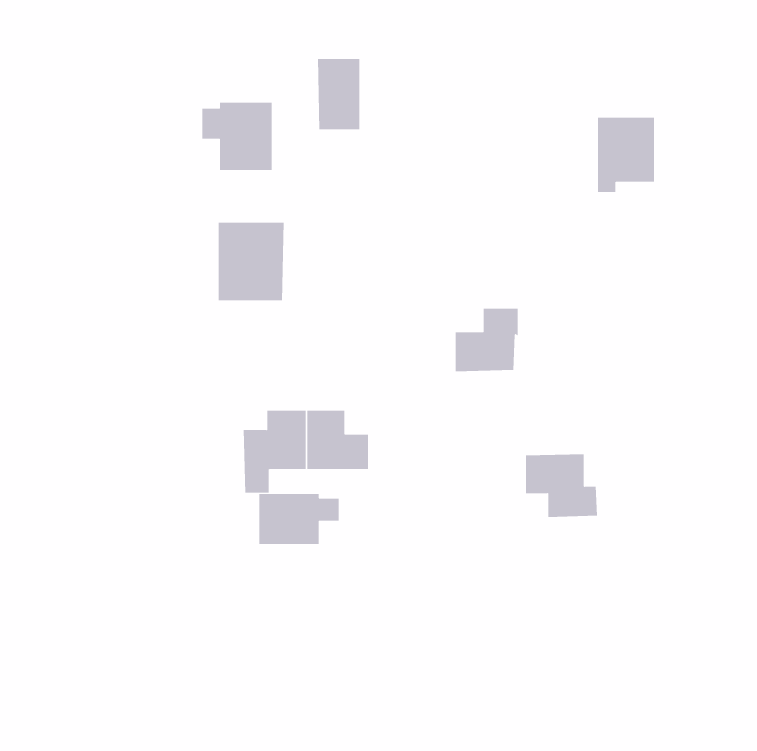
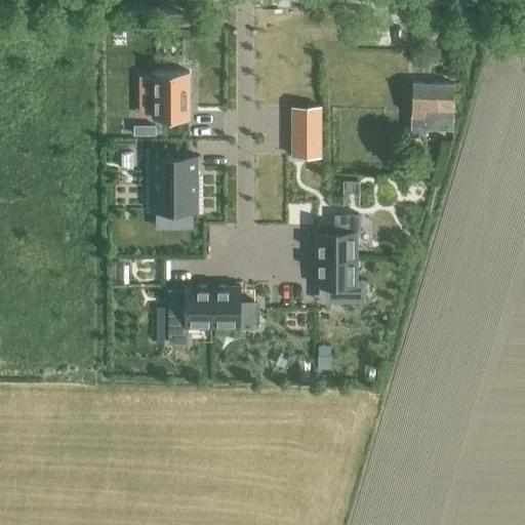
building: [317,59,360,130] -> [290,110,320,159]
building: [525,454,598,517] -> [315,260,365,305]
building: [259,493,339,545] -> none

